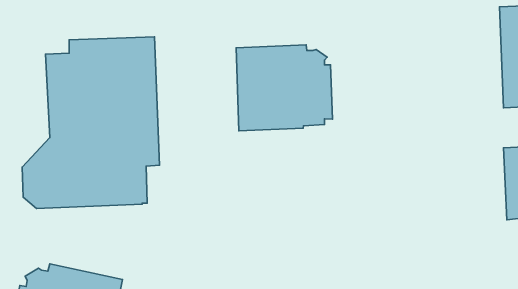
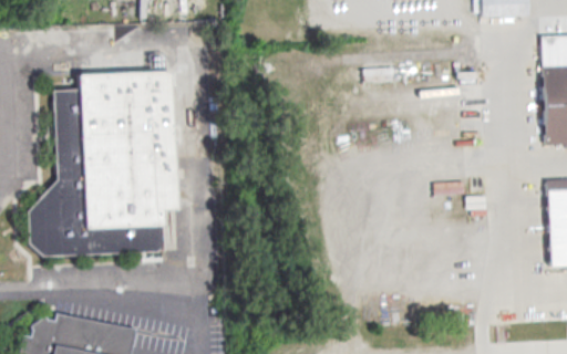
building: [236,45,332,131] -> none

